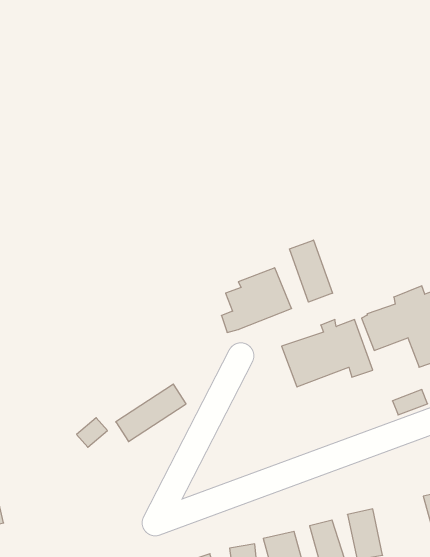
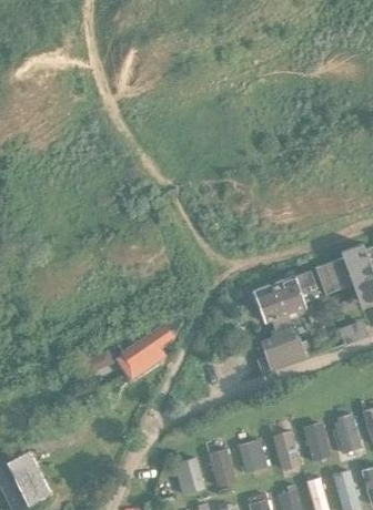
building: [289,240,333,302] -> none
building: [221,268,292,332] -> [256,324,312,375]
building: none -> [333,415,362,455]

